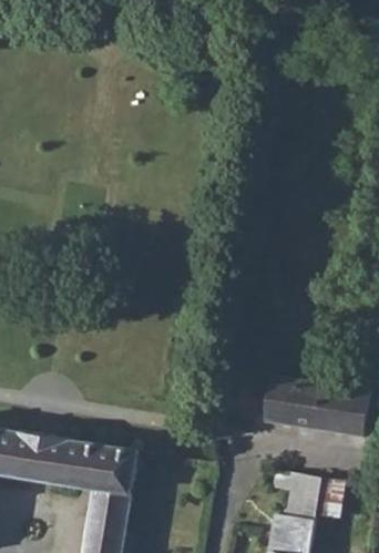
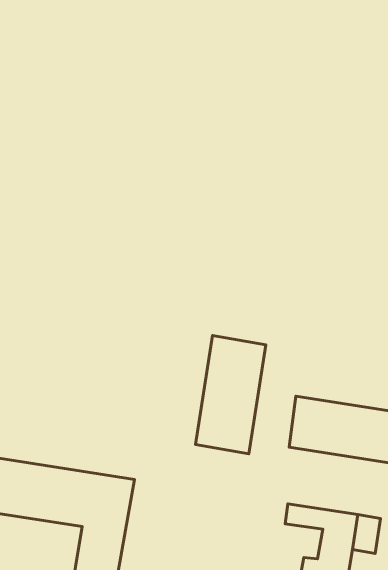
building: none -> [195,336,266,454]

